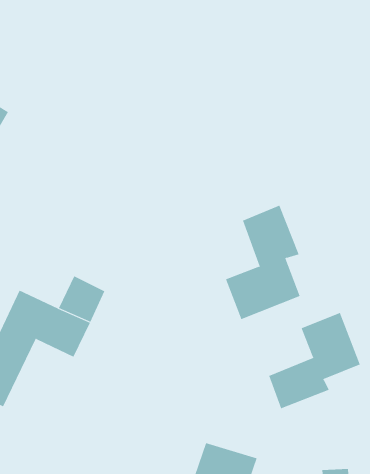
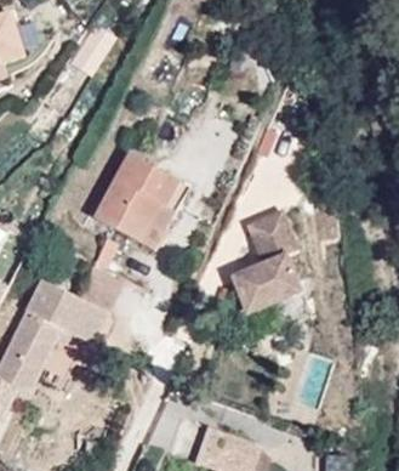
building: none -> [90,152,184,254]
building: [269,312,361,409] -> none

